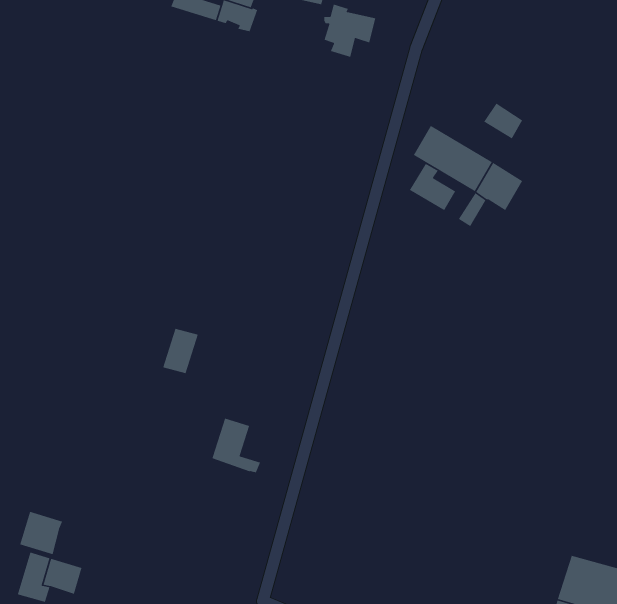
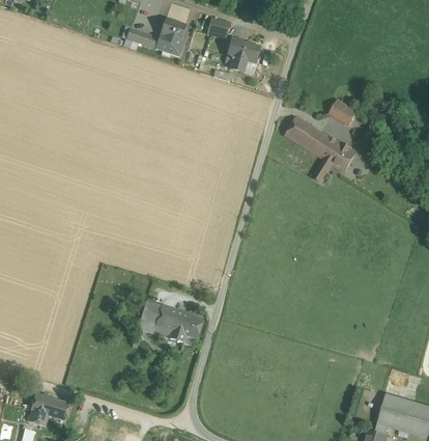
building: [409,163,456,211] -> none
building: [162,328,199,374] -> [138,301,162,331]
building: none -> [172,310,203,338]
building: [19,511,63,555] -> none

